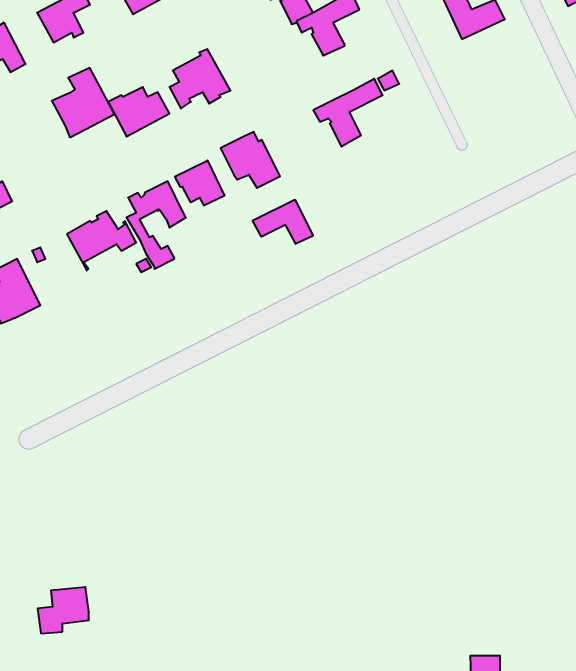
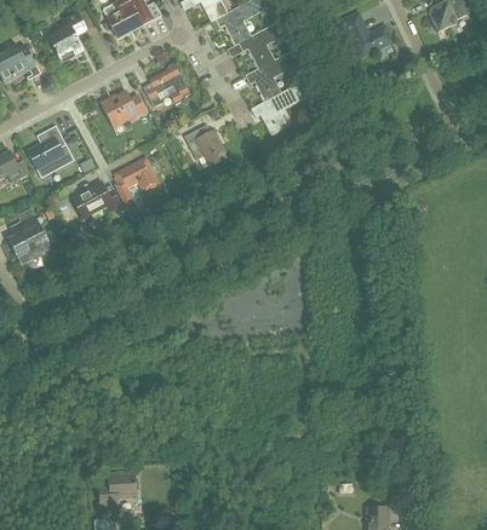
building: none -> [246,48,298,99]
building: [52,68,115,137] -> [28,125,74,175]
building: [175,160,224,206] -> none
building: [253,200,313,244] -> none
building: [38,587,89,633] -> [98,469,136,503]

